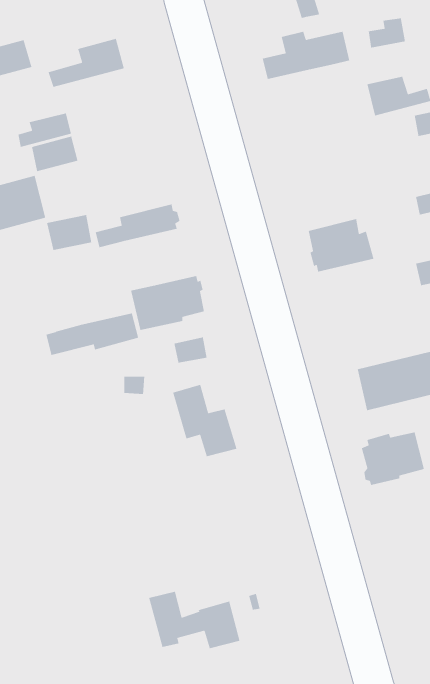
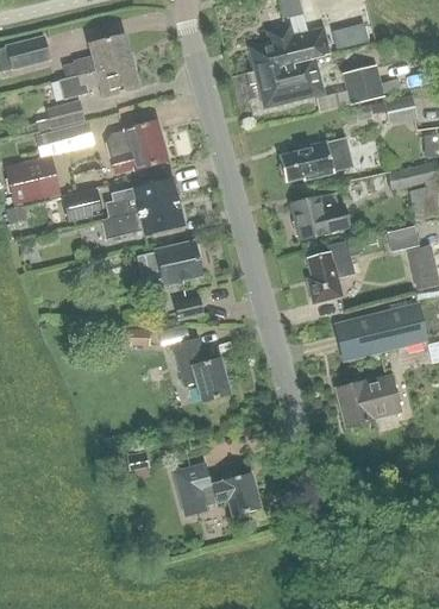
building: none -> [256,57,324,106]
building: none -> [59,61,139,98]
building: none -> [105,120,169,174]
building: none -> [280,138,352,180]
building: none -> [308,240,356,302]
building: [46,312,139,356] -> [102,201,184,239]
building: [148,591,241,649] -> [180,464,261,515]

